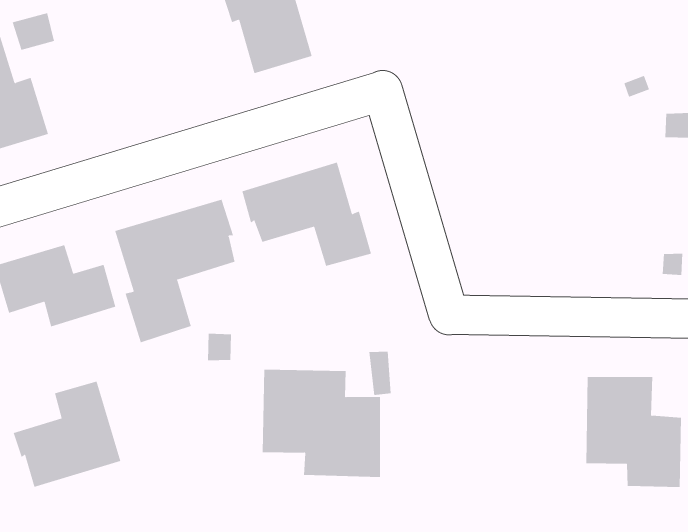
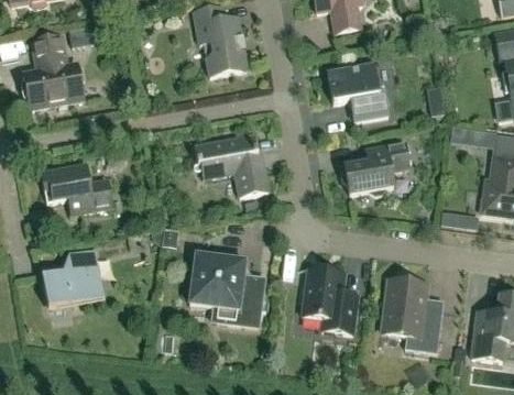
building: none -> [328,65,389,121]
building: none -> [341,141,409,195]
building: [114,199,235,343] -> none
building: none -> [303,268,358,333]

